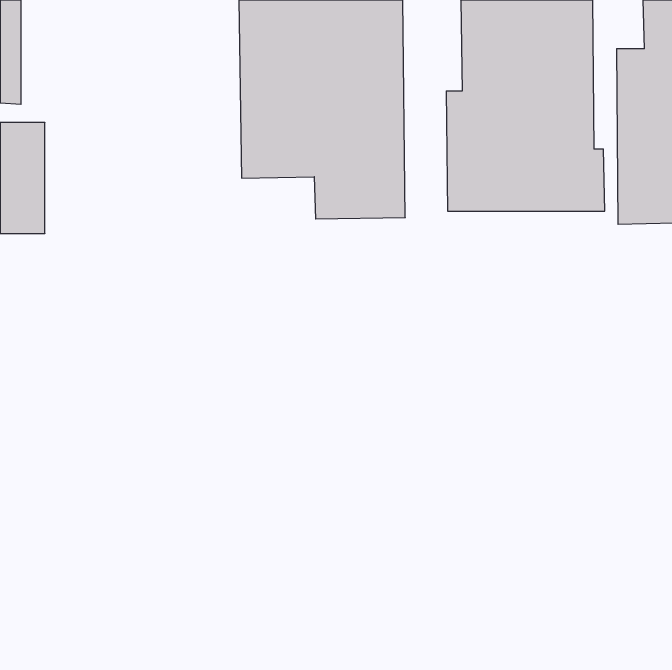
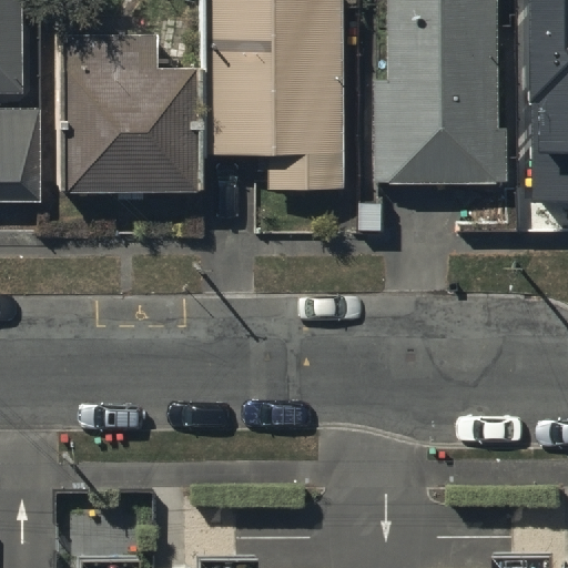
building: none -> [62,33,201,190]

